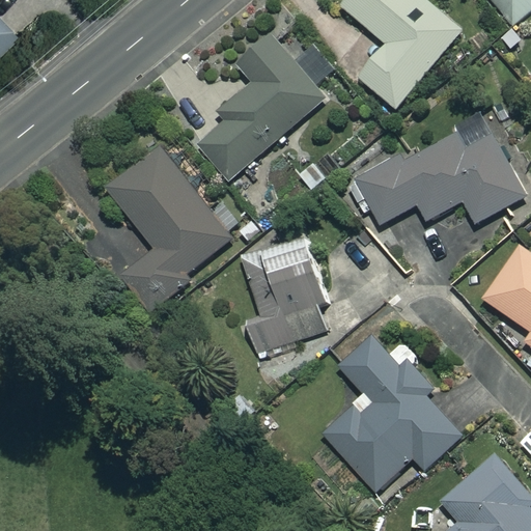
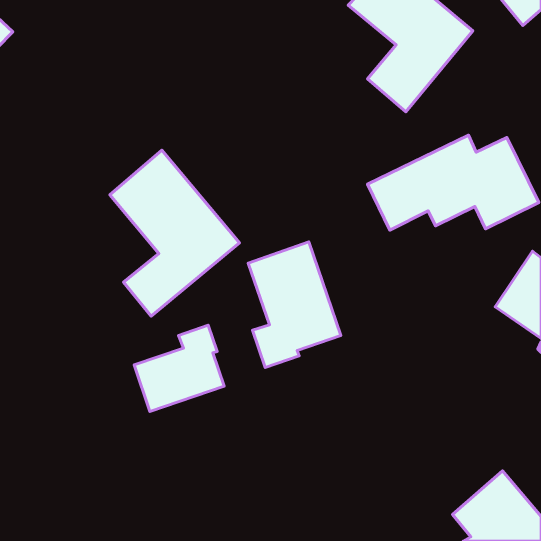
building: [198,36,326,180] -> none
building: none -> [134,325,224,412]
building: [323,337,459,490] -> none

